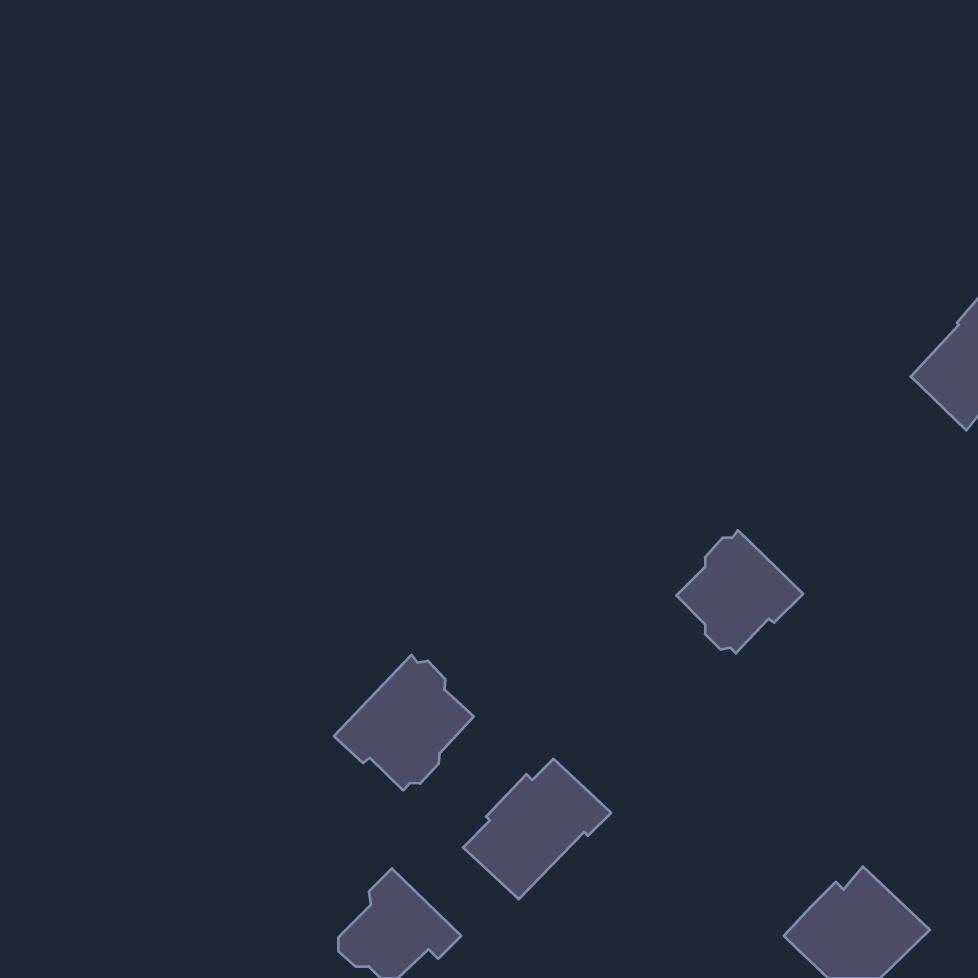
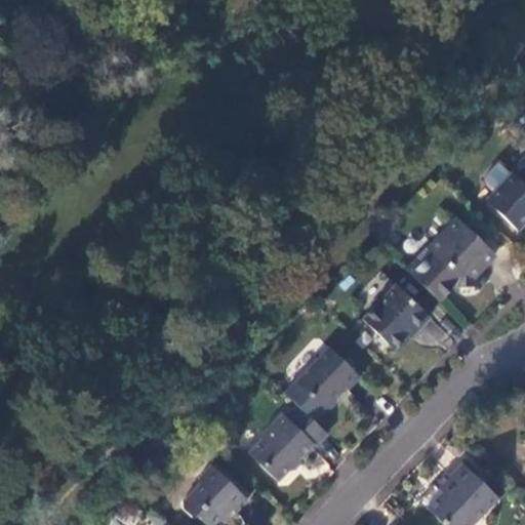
building: none -> [408,216,496,300]
building: none -> [295,347,360,409]
building: [334,655,474,790] -> none

